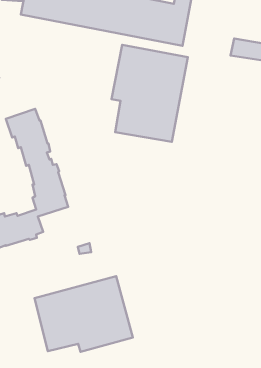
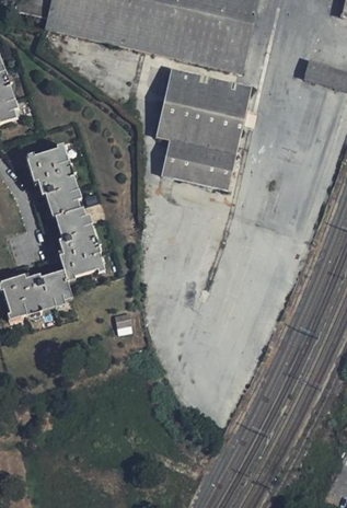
building: [35,276,133,352] -> none

